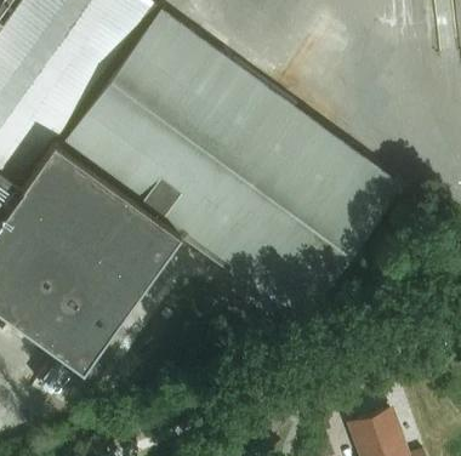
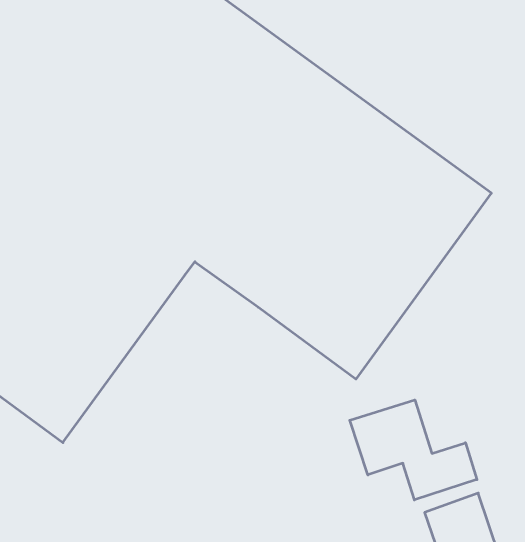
building: none -> [350,400,477,500]

